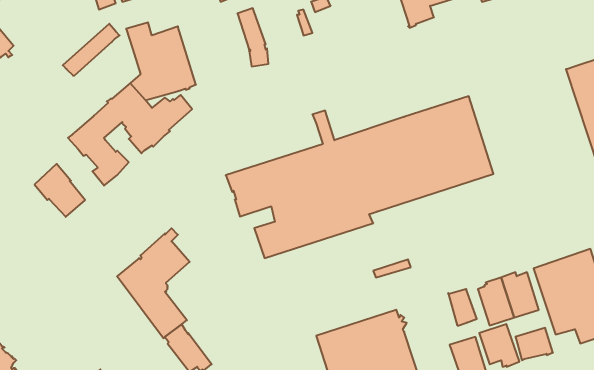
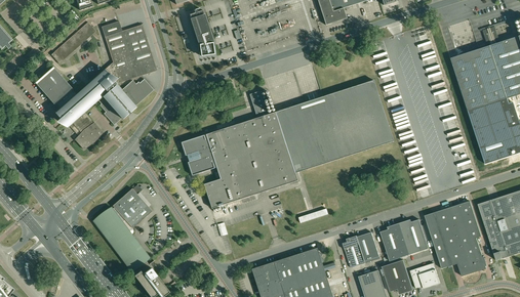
building: [35,164,85,217] -> [36,66,76,108]
building: none -> [343,235,365,267]

